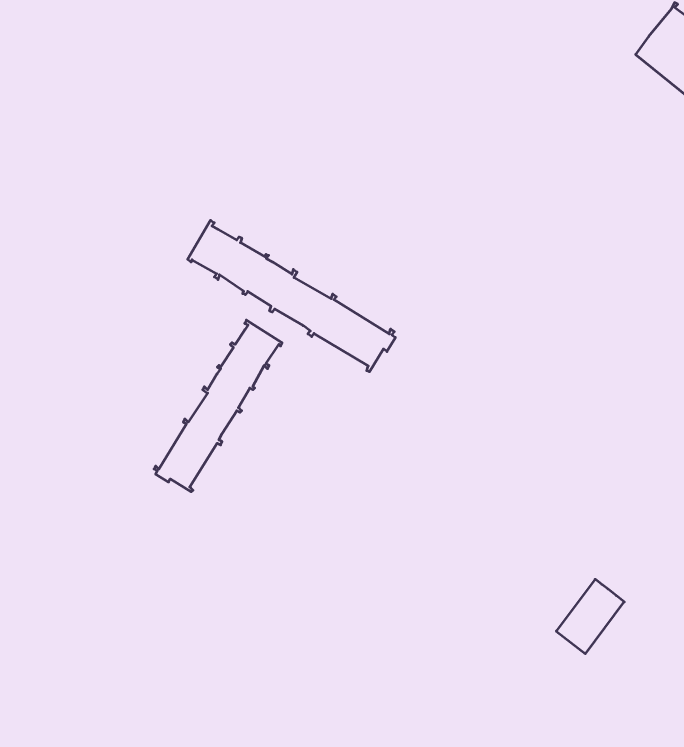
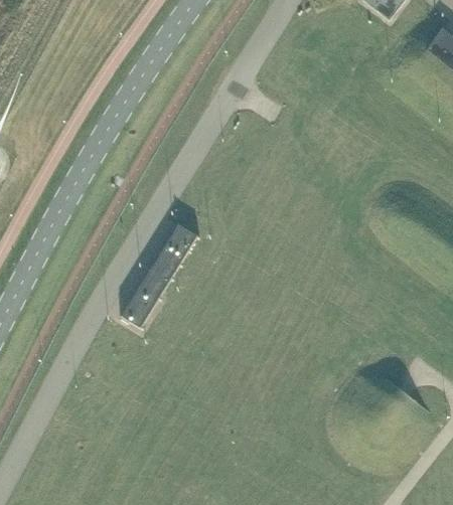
building: [188,220,395,372] -> none

